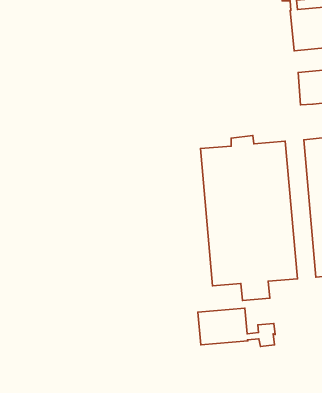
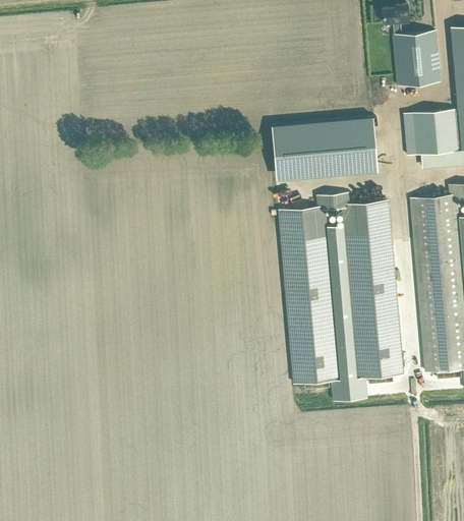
building: none -> [272,118,378,181]
building: [198,308,275,346] -> none

